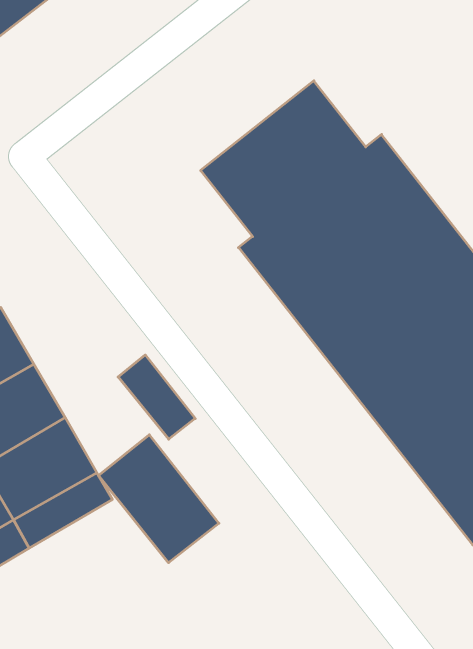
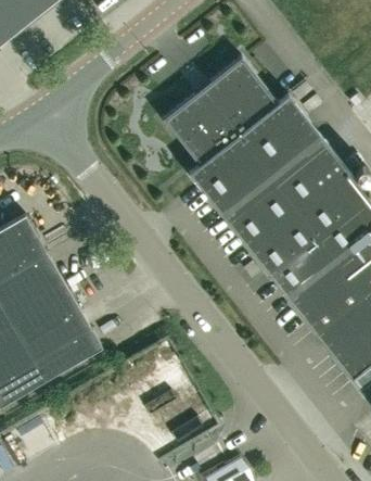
building: [118,355,195,439] -> none
building: [98,435,219,563] -> none

